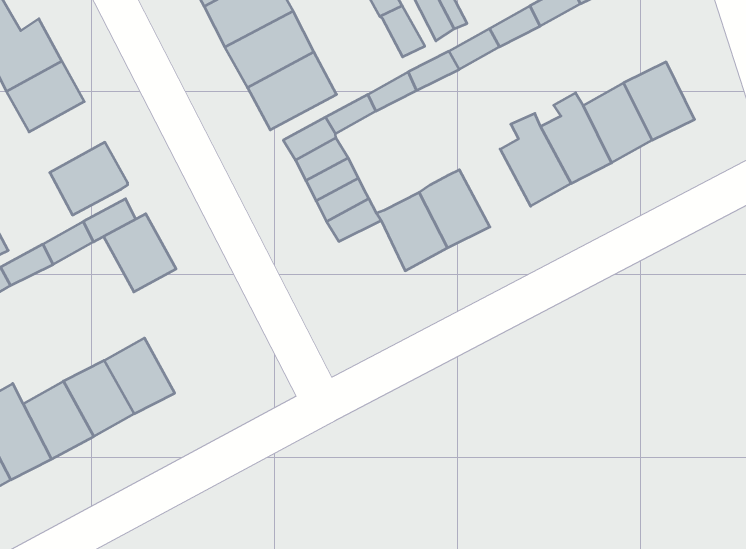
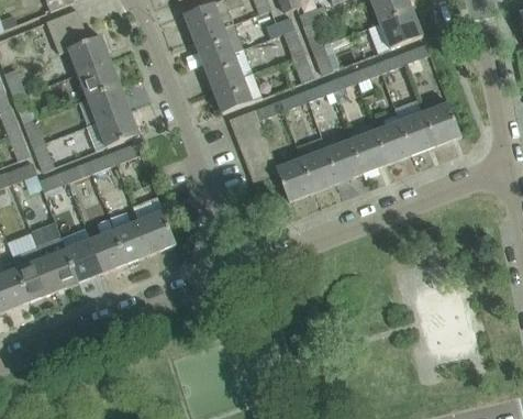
building: none -> [87,85,129,122]
building: none -> [325,140,363,183]
building: [103,214,176,292] -> [137,211,176,254]

